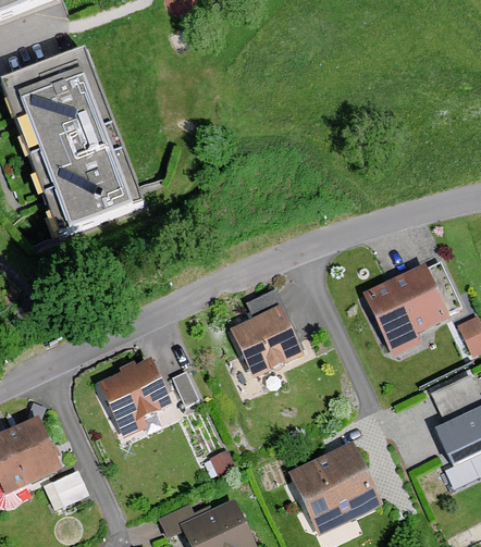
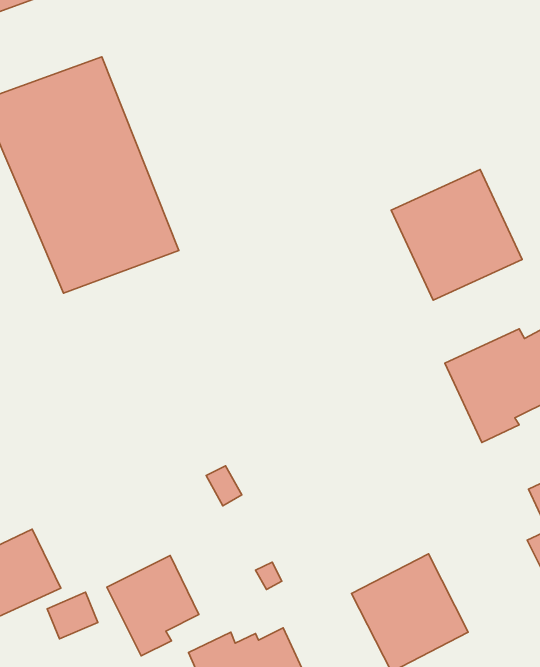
building: none -> [391,169,522,300]
building: [229,288,301,376] -> none
building: [96,358,169,437] -> [107,556,199,656]

